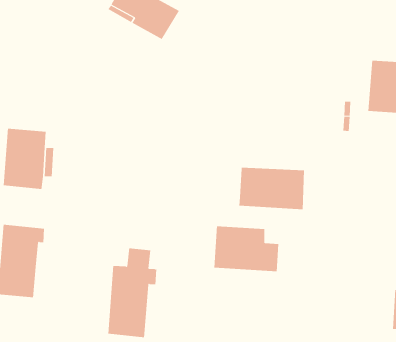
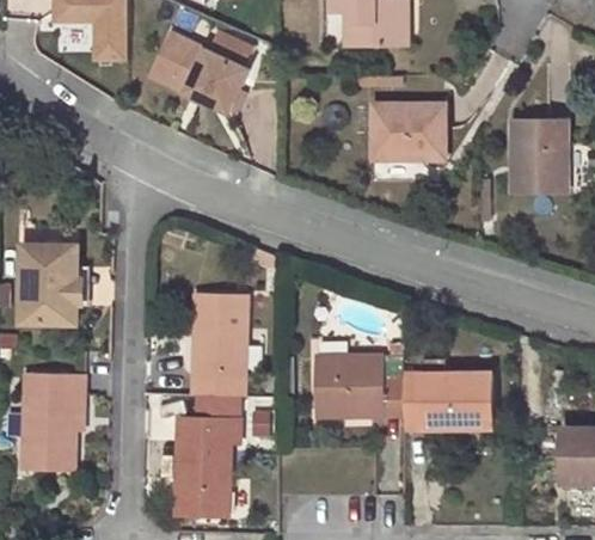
building: none -> [373,104,443,158]
building: [239,167,305,210] -> [403,373,491,427]
building: none -> [194,294,245,397]

